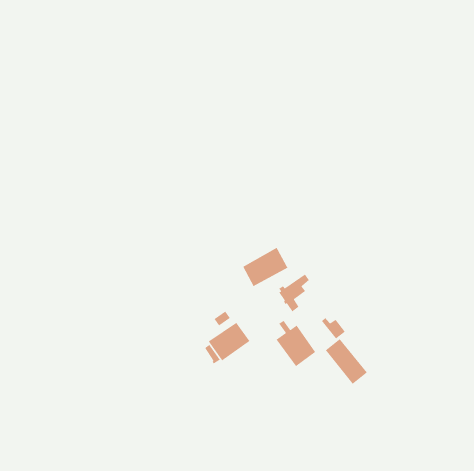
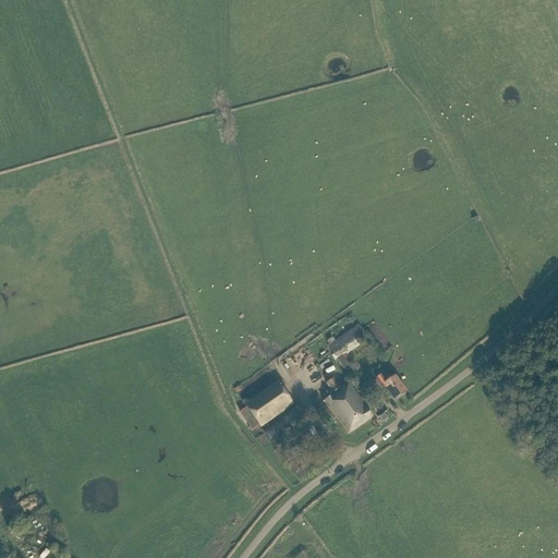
building: [242,247,289,287] -> none
building: [325,338,368,385] -> none

